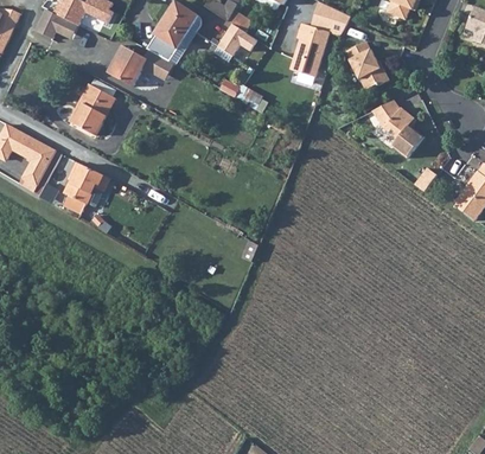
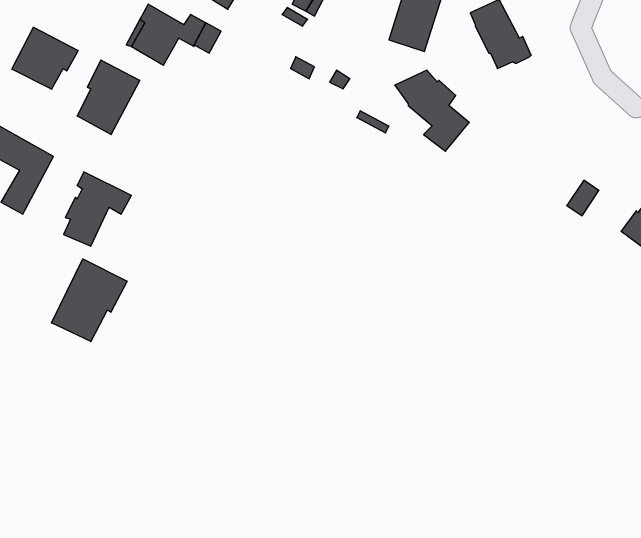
building: none -> [12,27,78,89]
building: [371,100,423,156] -> [395,70,469,151]
building: none -> [51,259,127,342]

